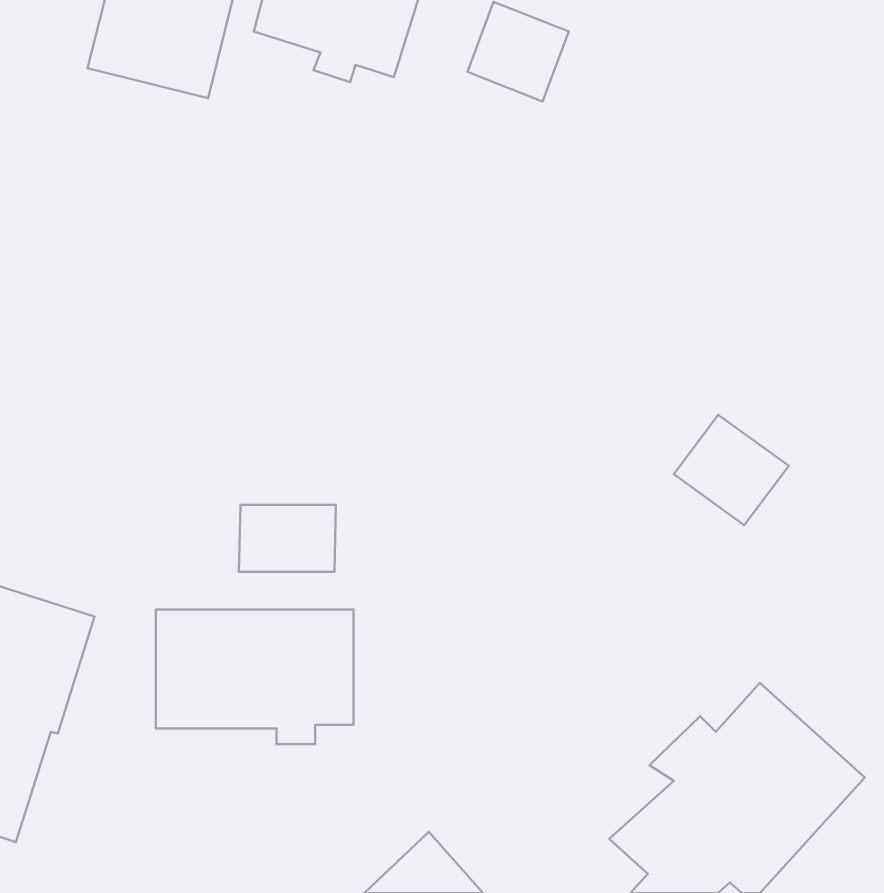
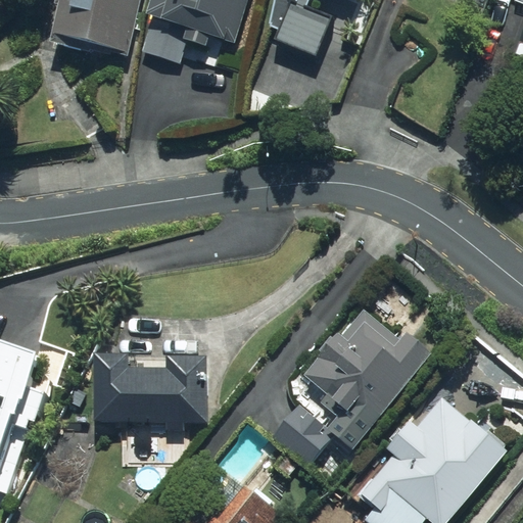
building: [674,415,789,525] -> none
building: [239,505,336,572] -> none
building: none -> [277,311,433,450]

